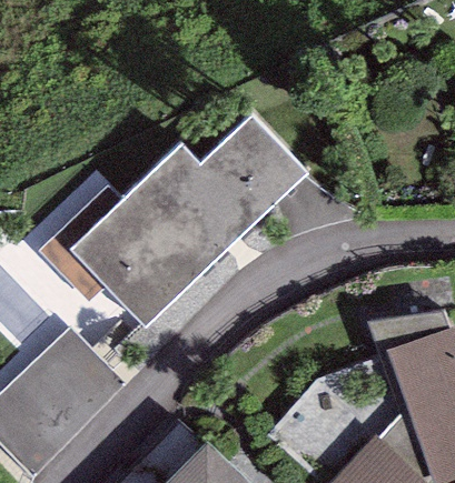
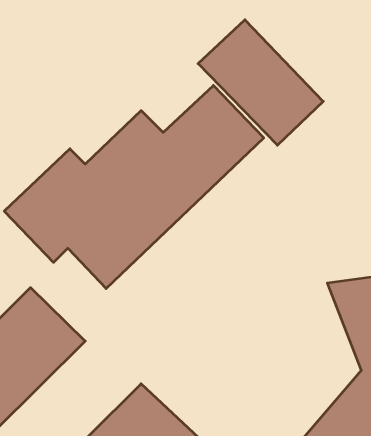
building: none -> [198,20,323,145]

